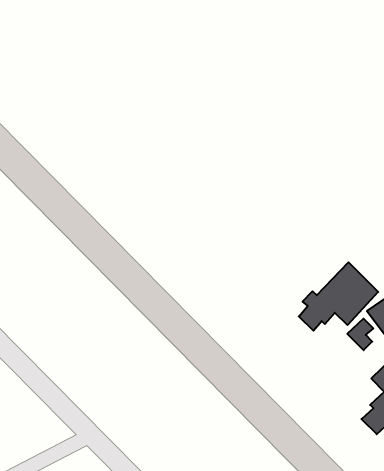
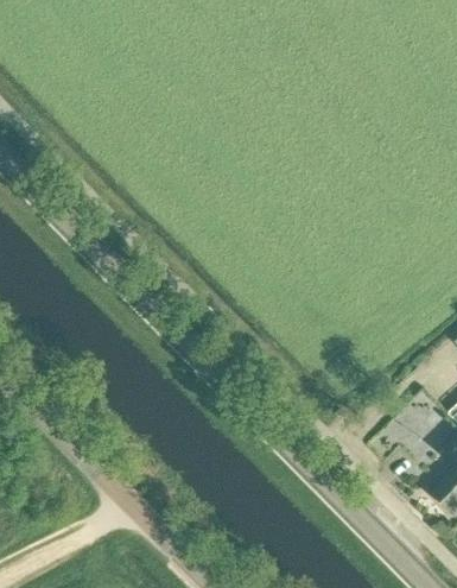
building: [299,262,378,331] -> none

